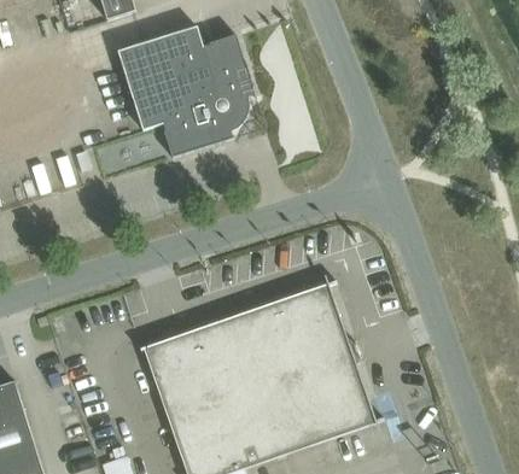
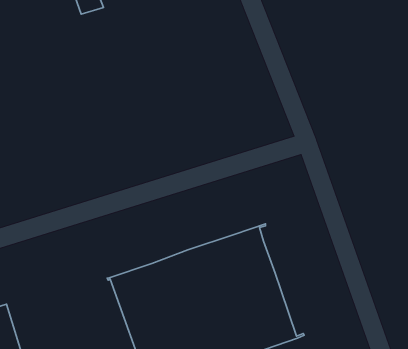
building: [116,27,255,158] -> none

